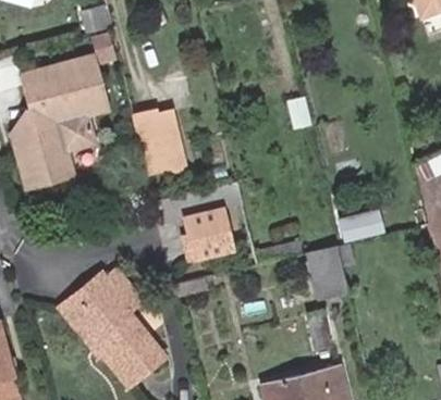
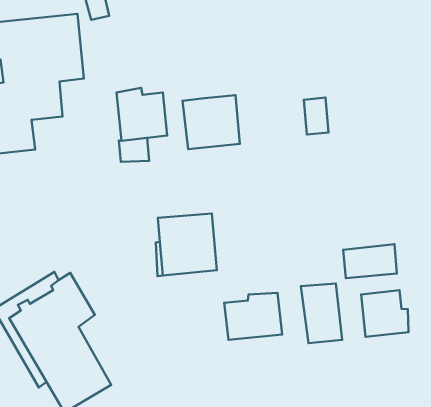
building: none -> [183,95,240,149]
building: none -> [361,290,409,337]
building: none -> [224,293,282,340]

